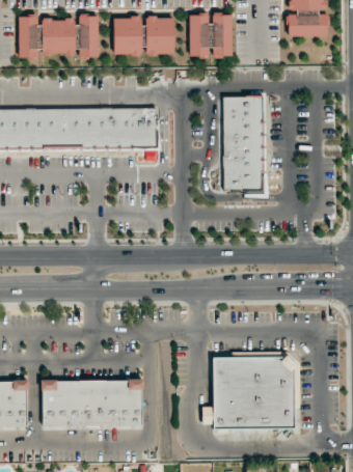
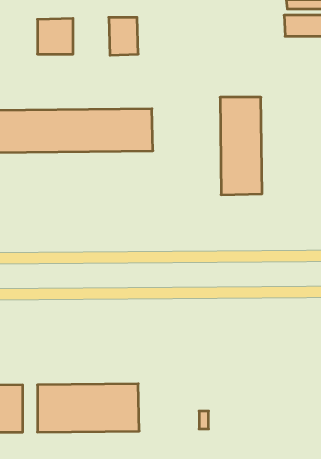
building: [189,16,233,56] -> none
building: [19,17,42,57] -> none
building: [79,17,99,58] -> none
building: [145,17,174,55] -> none
building: [213,355,295,429] -> none

